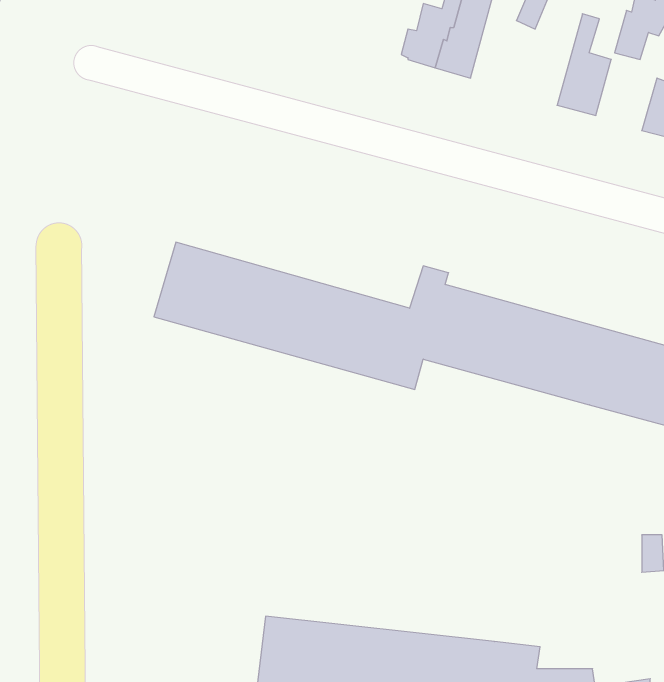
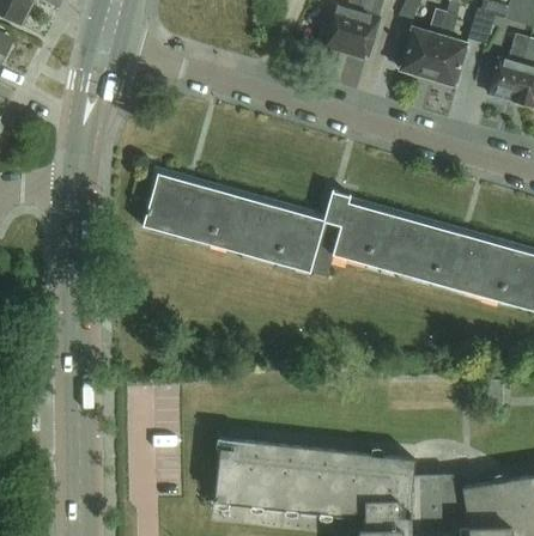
building: none -> [400,8,445,75]

